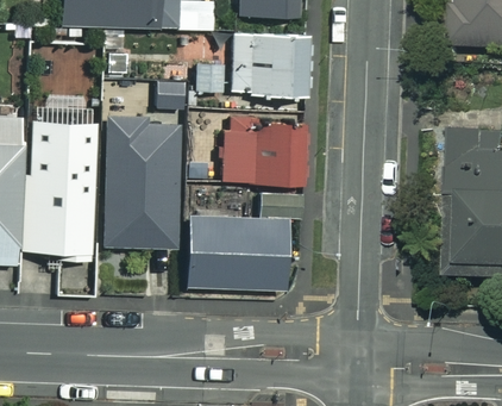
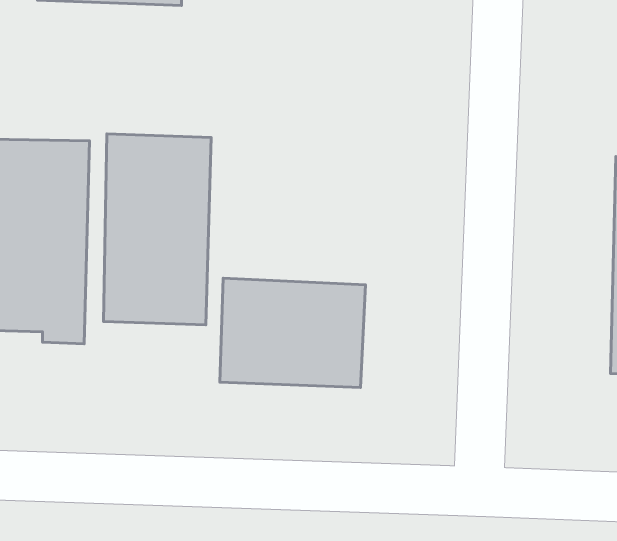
building: [233,33,306,96] -> none
building: [224,119,307,185] -> none

